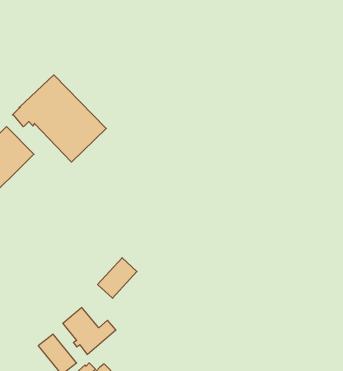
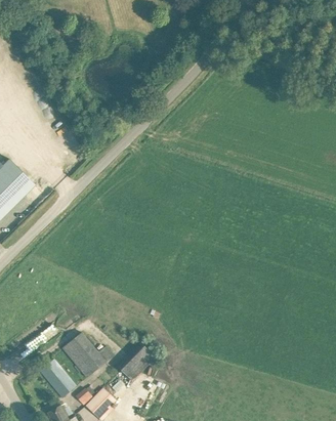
building: [12,75,106,162] -> none
building: [98,258,137,298] -> [119,341,157,380]

